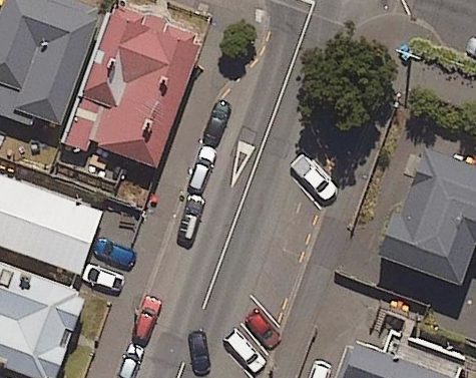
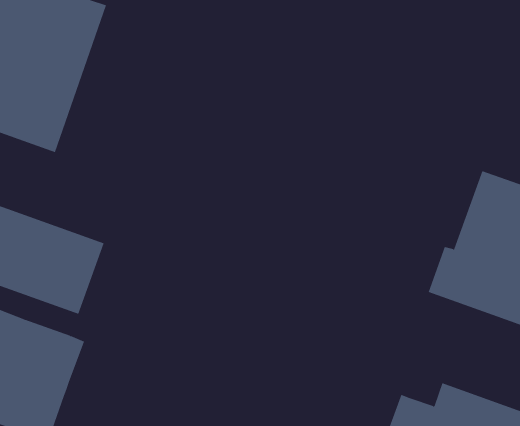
building: [66,10,200,167] -> none

